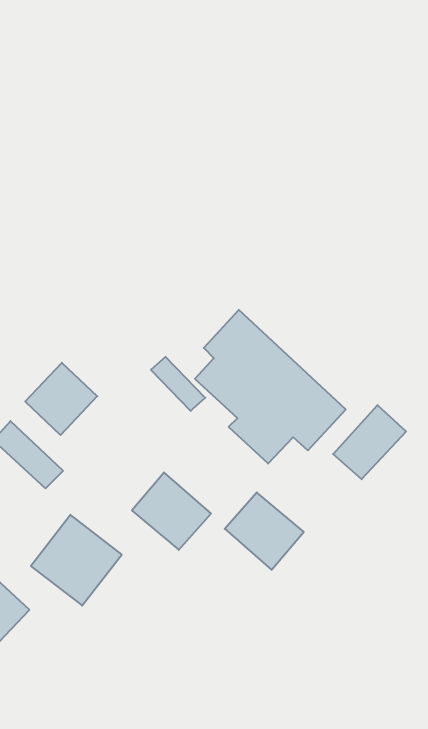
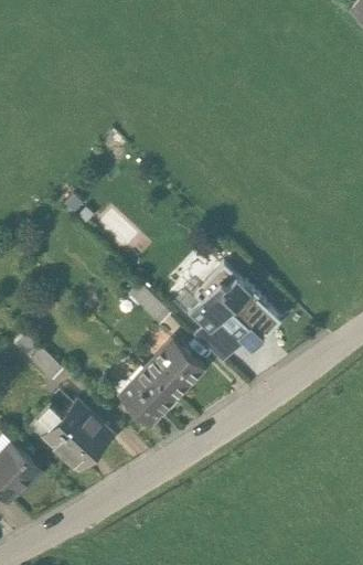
building: [25,363,97,435] -> none
building: [333,405,406,479] -> none
building: [225,492,304,570] -> [141,341,201,399]

